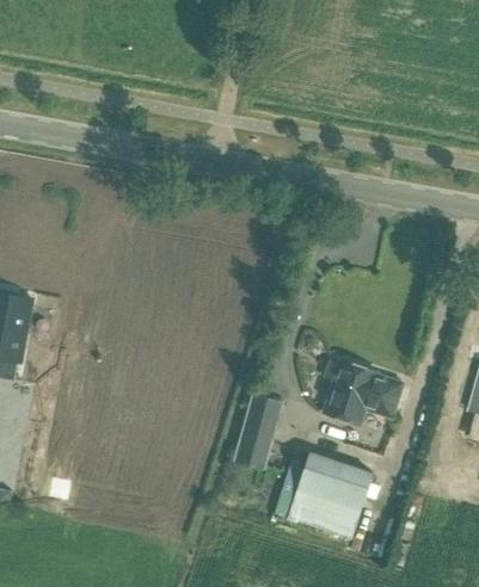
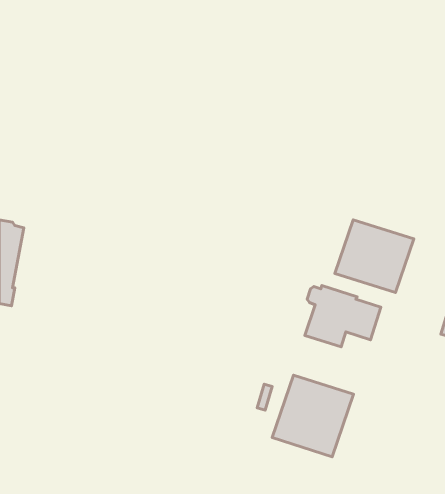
building: none -> [335,220,414,292]
building: [232,393,278,469] -> none

